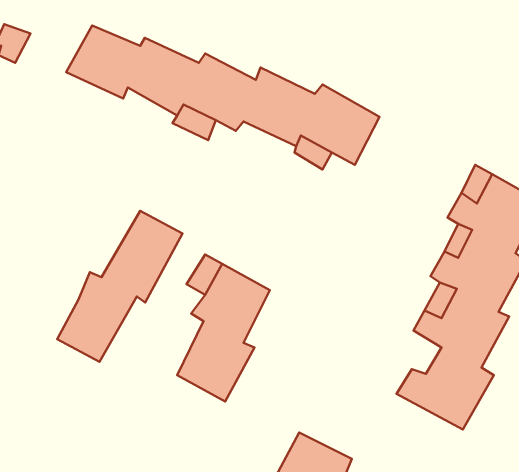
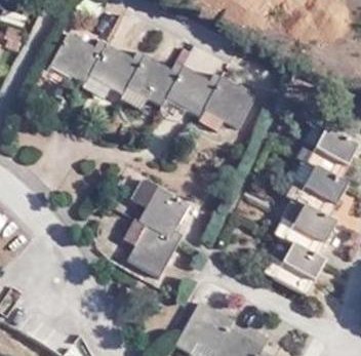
building: [57,211,183,362] -> none

